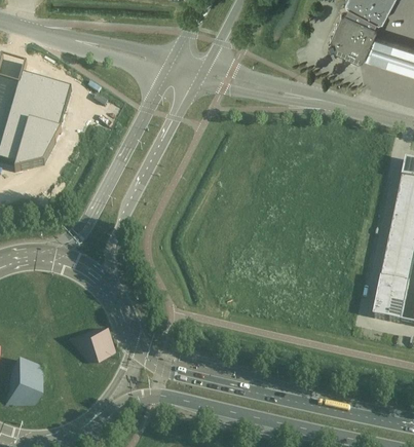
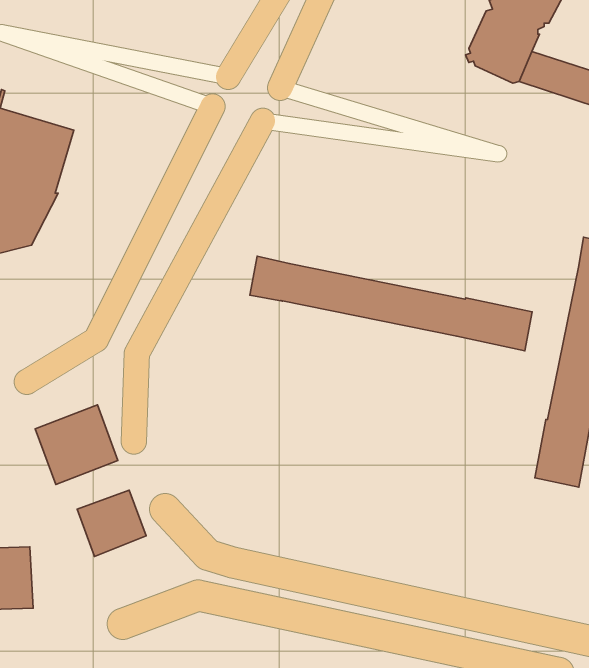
building: none -> [250,256,532,351]
building: none -> [35,405,118,485]

